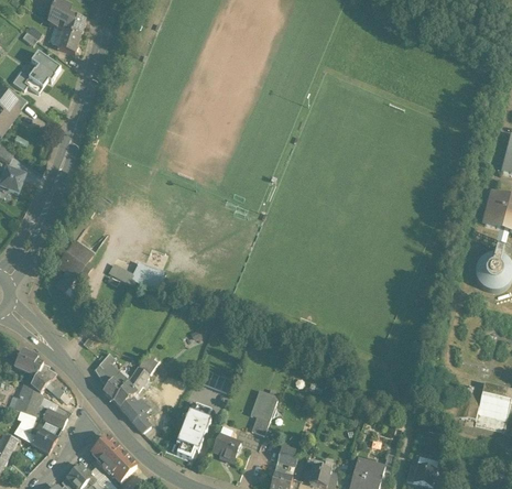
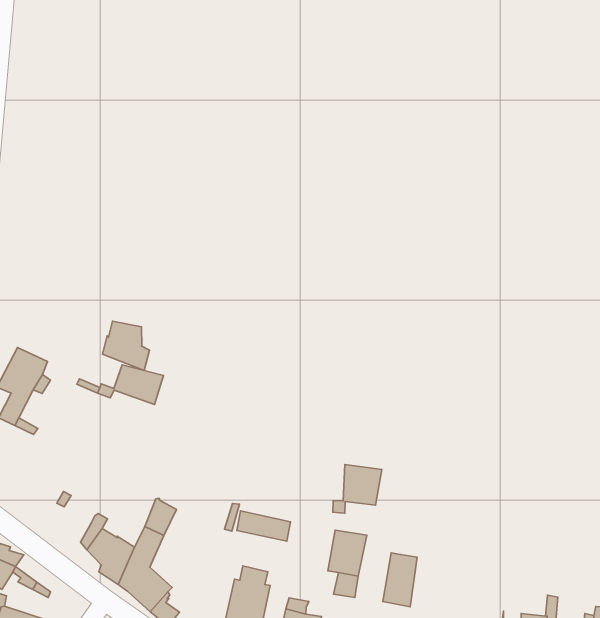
building: none -> [103,321,149,371]
building: none -> [333,465,382,513]
building: none -> [383,553,417,607]

